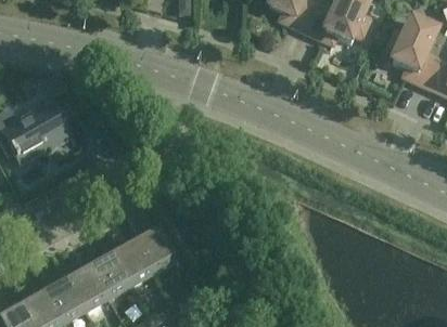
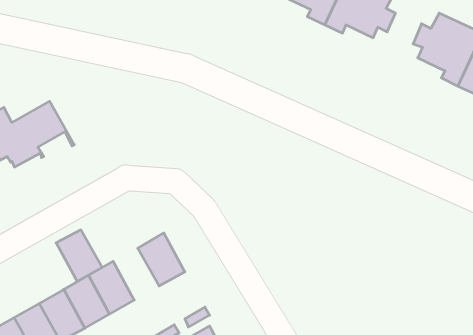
building: [112,237,154,285] -> [56,230,102,282]

